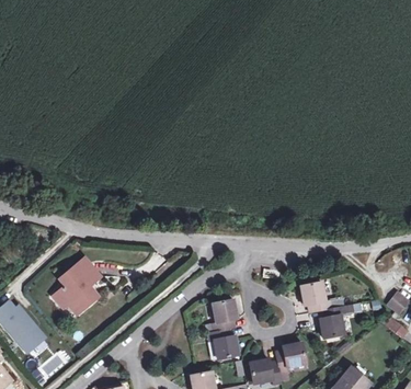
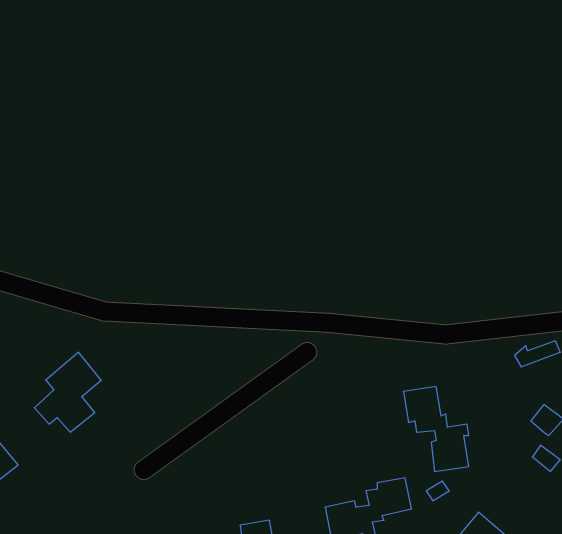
building: [208,298,239,358] -> none

